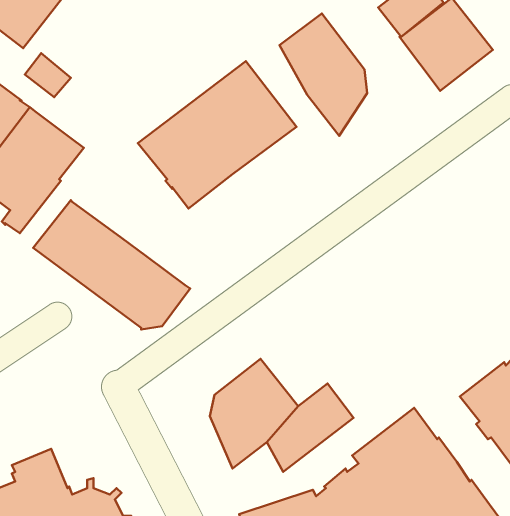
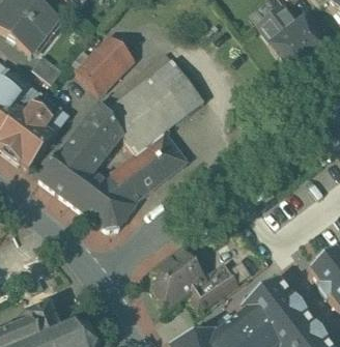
building: [280,13,367,136] -> none
building: none -> [75,33,133,92]
building: none -> [61,102,121,170]
building: none -> [108,129,186,200]

